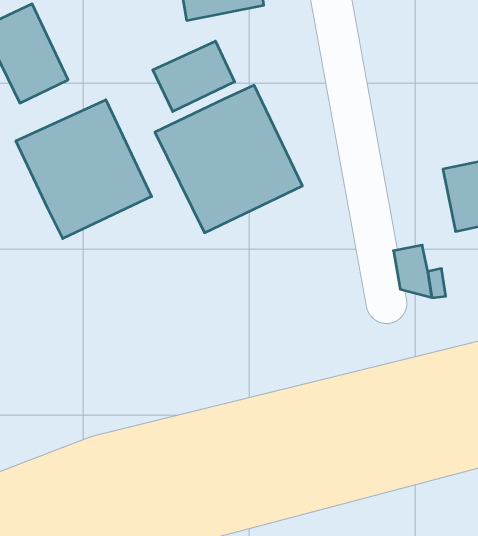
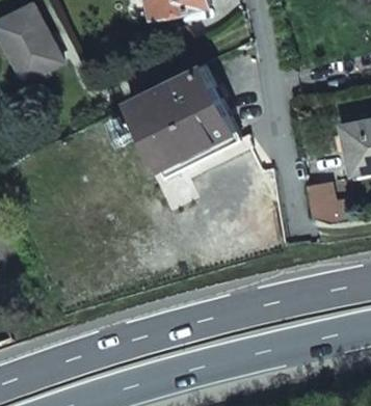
building: [153,41,235,112] -> none
building: [16,100,152,239] -> none

